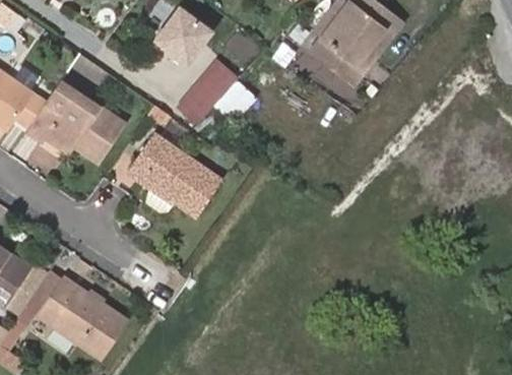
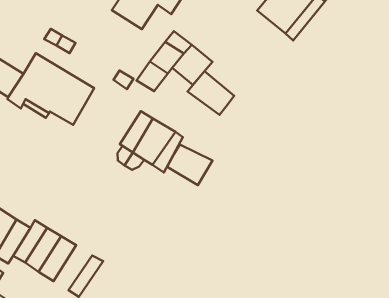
building: none -> [187,71,234,115]
building: [129,135,175,186] -> none
building: none -> [167,145,212,185]
building: [67,297,112,347] -> none

